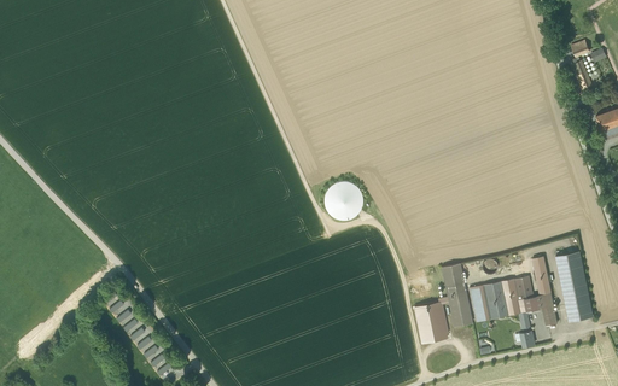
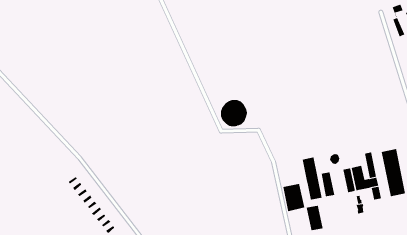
building: [483,281,508,318] -> [306,205,323,231]

